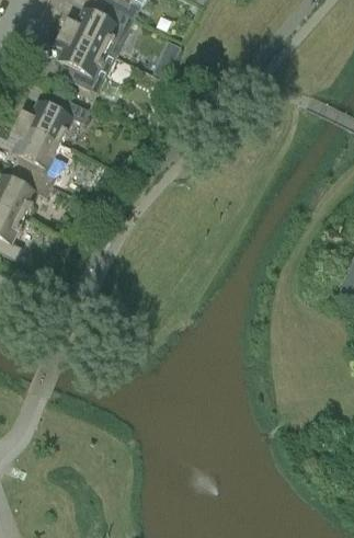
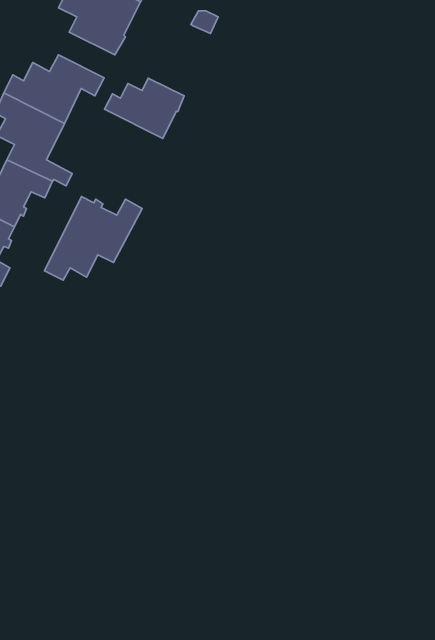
building: none -> [104,78,184,138]
building: none -> [44,197,142,280]

